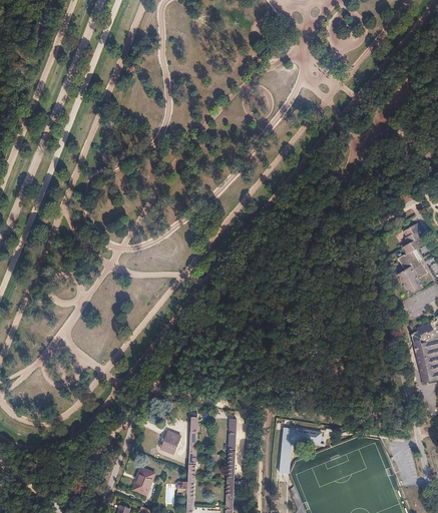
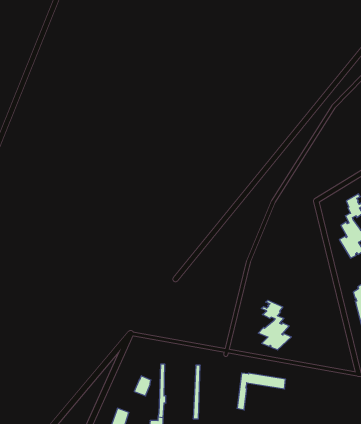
building: none -> [258,300,291,350]

